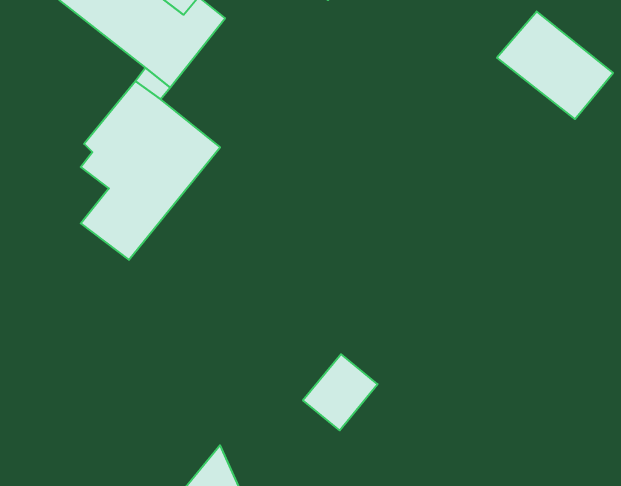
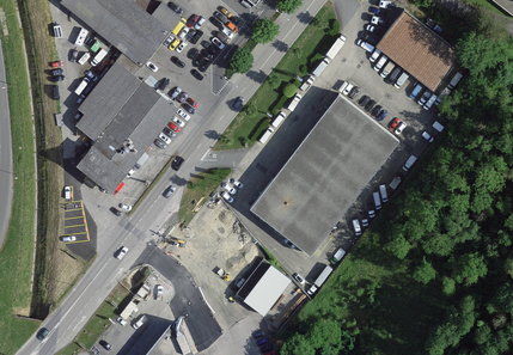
building: none -> [251,94,397,252]

